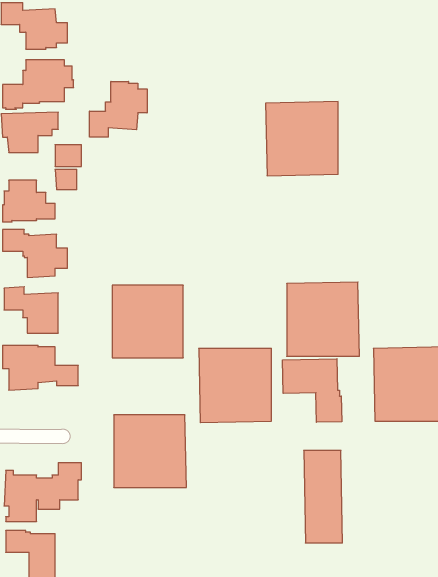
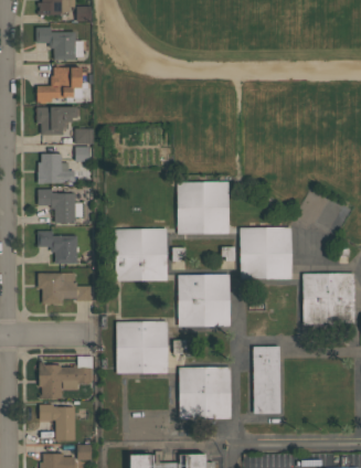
building: [90,81,147,137] -> none
building: [266,102,338,176] -> [177,182,229,235]
building: [283,359,342,422] -> none
building: none -> [179,368,231,421]

